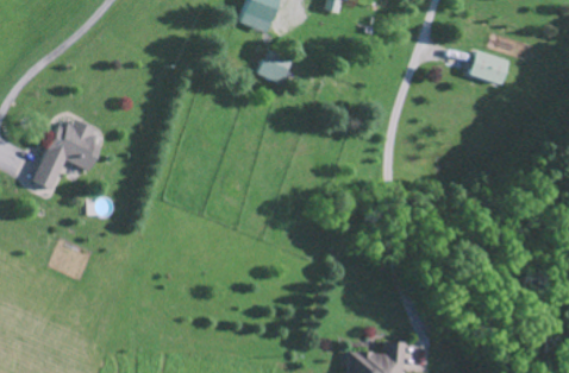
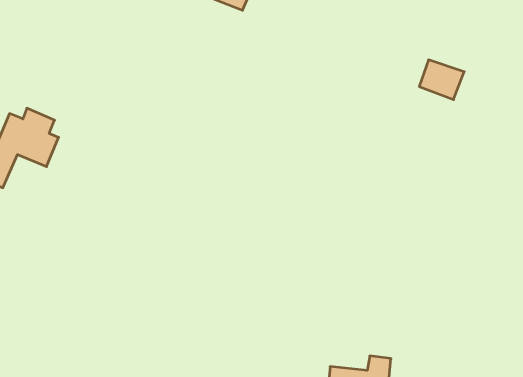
building: [260,50,292,82] -> none
building: [465,50,506,86] -> [419,60,464,100]

